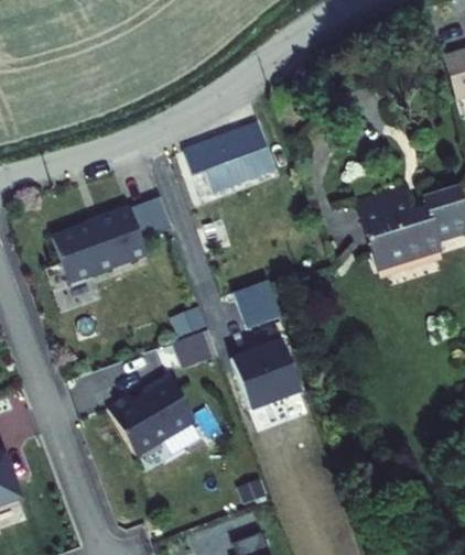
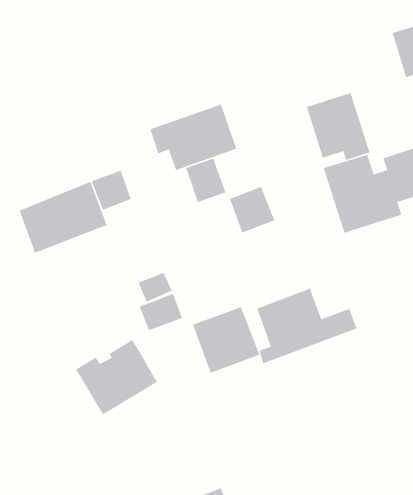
building: none -> [306,92,370,161]
building: none -> [185,158,226,203]
building: [236,280,284,329] -> [229,186,275,233]
building: none -> [256,288,357,364]

